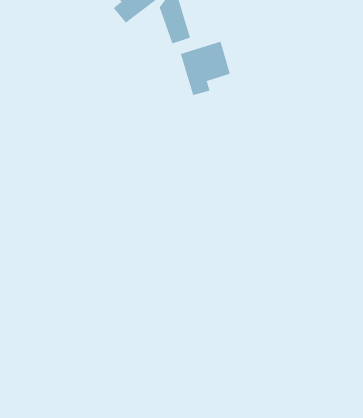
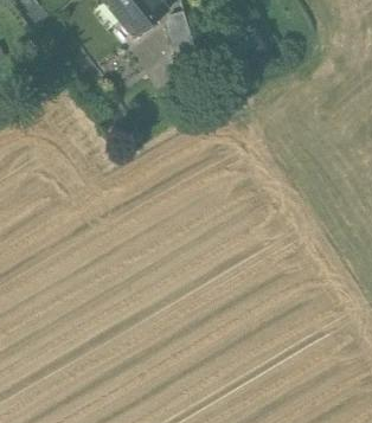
building: [180,41,230,96] -> none

